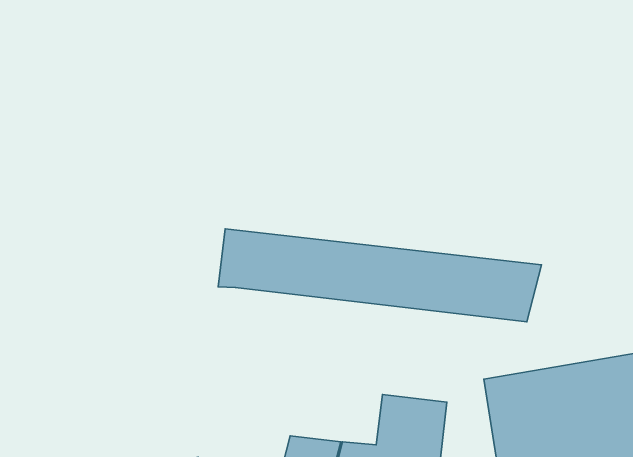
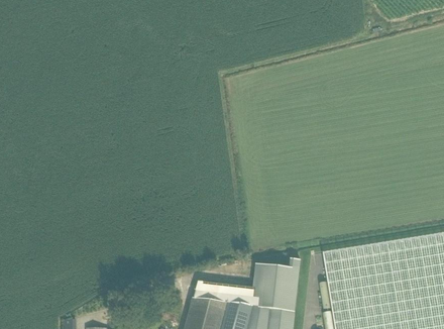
building: [218,229,541,322] -> none

